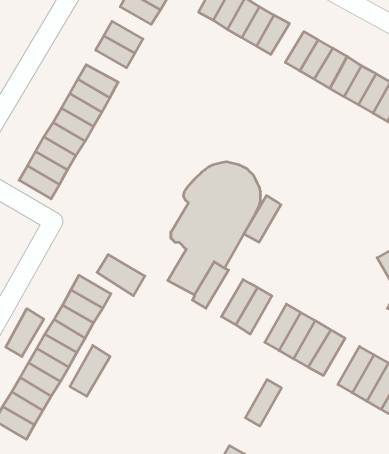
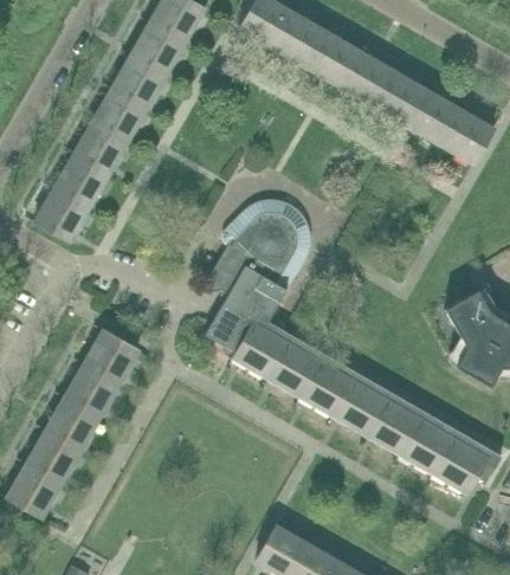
building: none -> [141,21,186,58]
building: none -> [323,40,361,85]
building: none -> [111,71,157,108]
building: [244,196,281,242] -> [248,323,291,376]
building: [97,255,145,296] -> none
building: [6,309,44,357] -> none
building: none -> [383,401,425,454]
building: [70,345,110,396] -> none
building: [245,380,281,426] -> [299,353,341,406]

